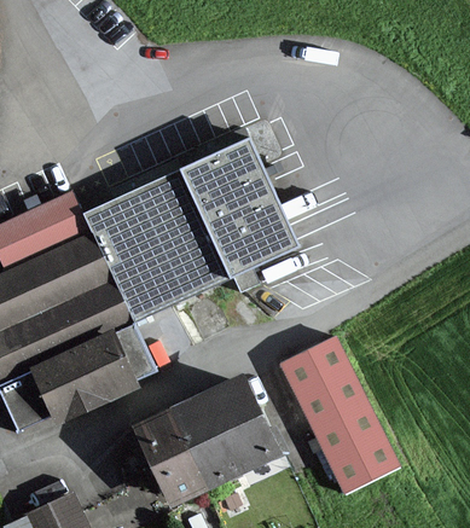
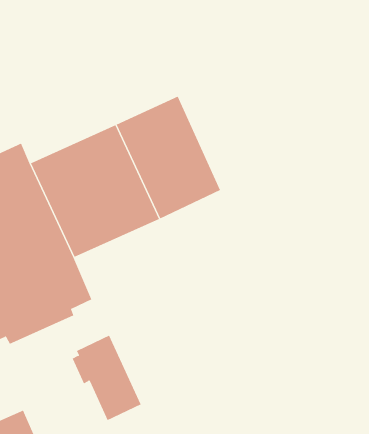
building: [279,336,400,494] -> none
building: [170,376,278,487] -> none

